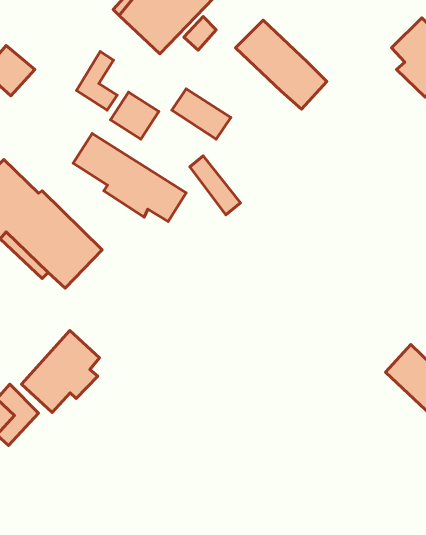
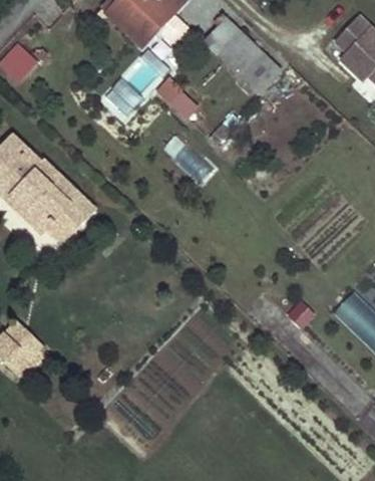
building: [77,51,117,110] -> none
building: [73,133,186,221] -> none
building: [21,330,99,412] -> none

